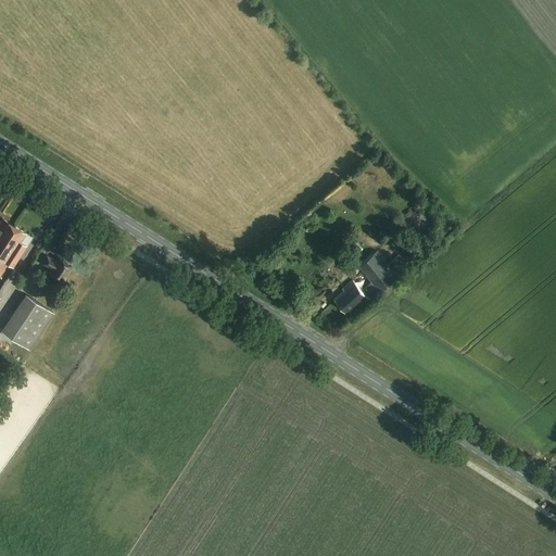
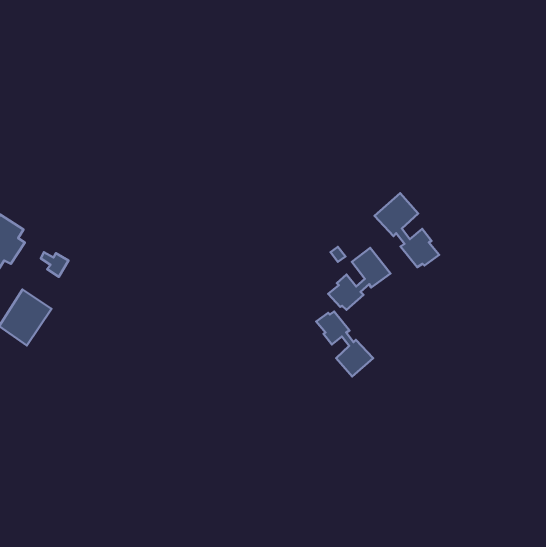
building: none -> [374,193,439,267]
building: none -> [316,312,373,376]

